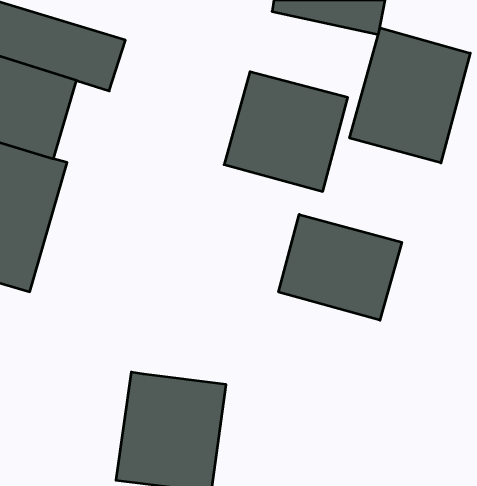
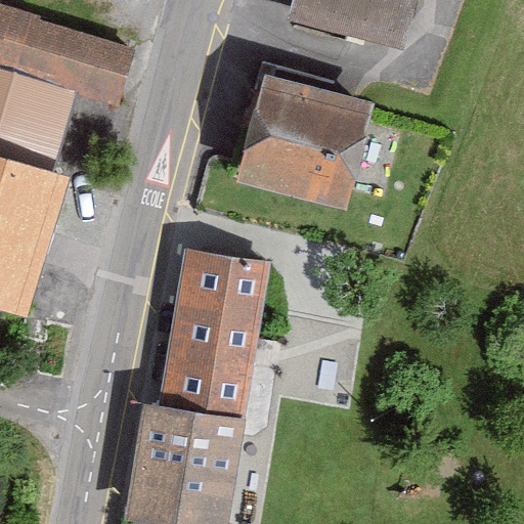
building: [350,28,470,163] -> none
building: [279,214,402,320] -> none
building: none -> [154,248,265,414]

